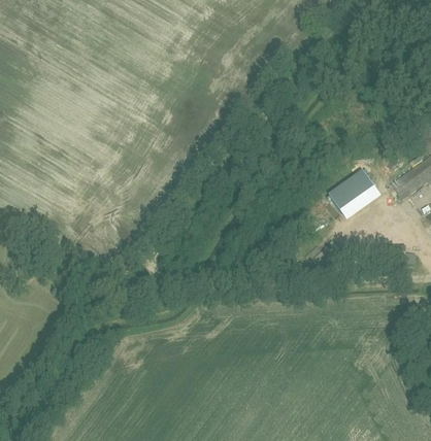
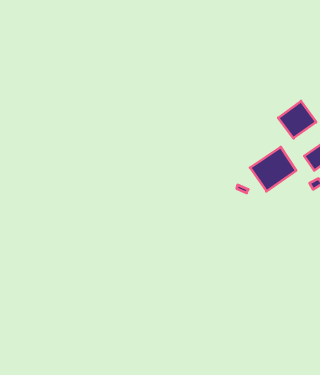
building: none -> [278,101,316,138]

